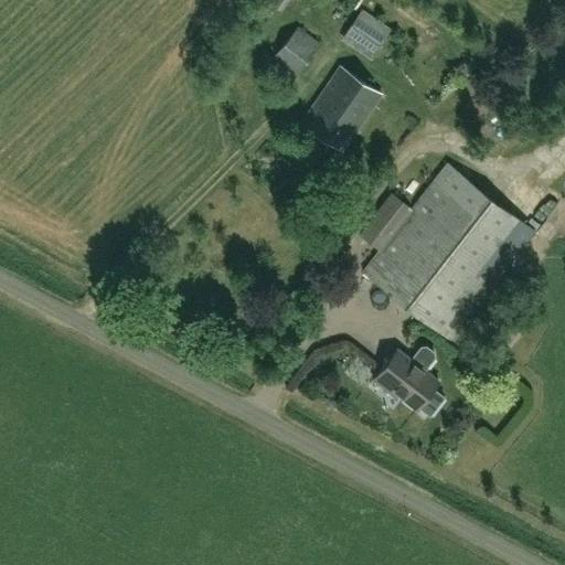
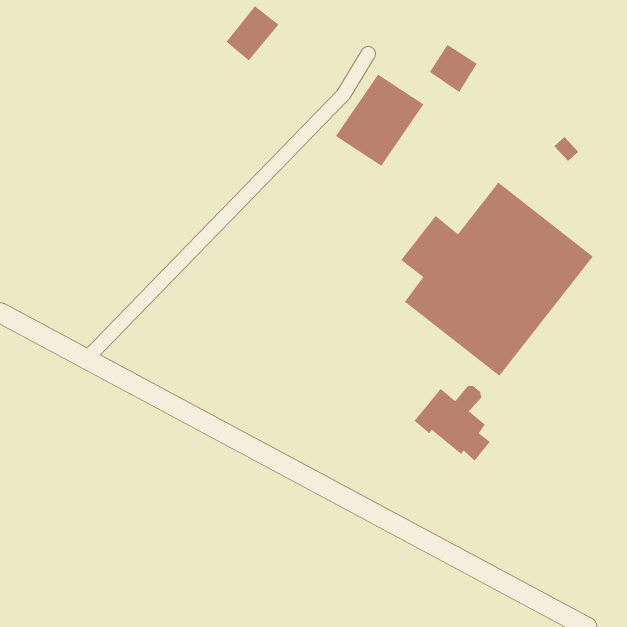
building: [344,13,388,57] -> [429,44,478,93]
building: [271,26,320,77] -> [225,5,279,61]

